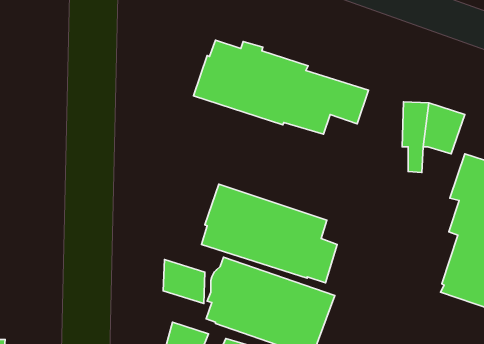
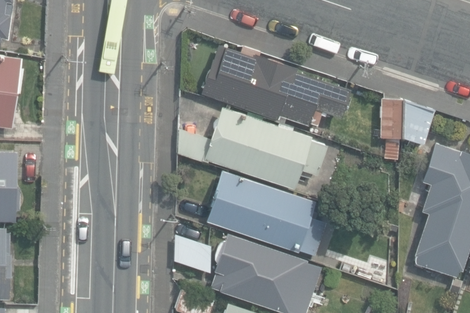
building: none -> [177,107,326,189]

